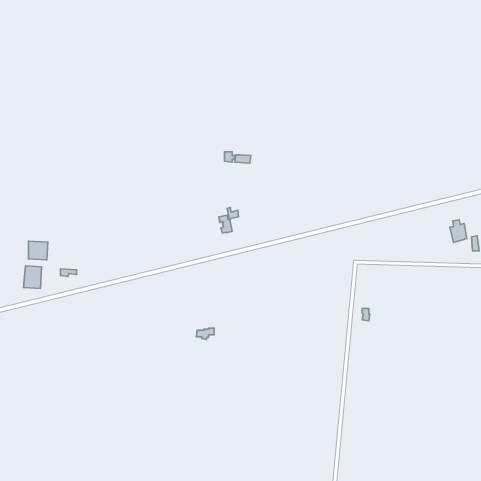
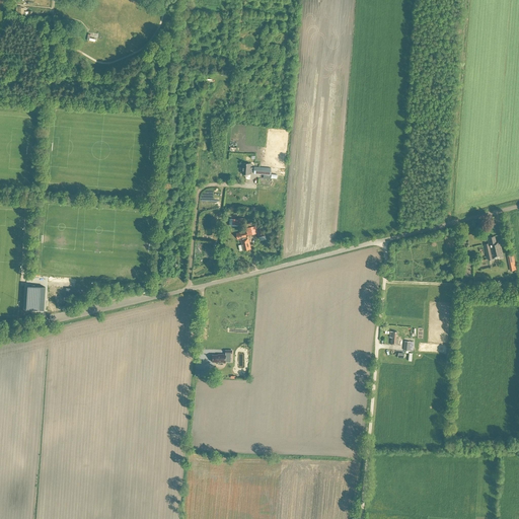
building: [28,241,48,260] -> none

